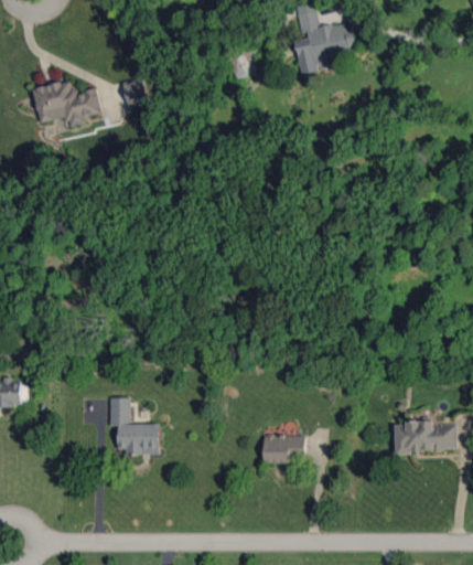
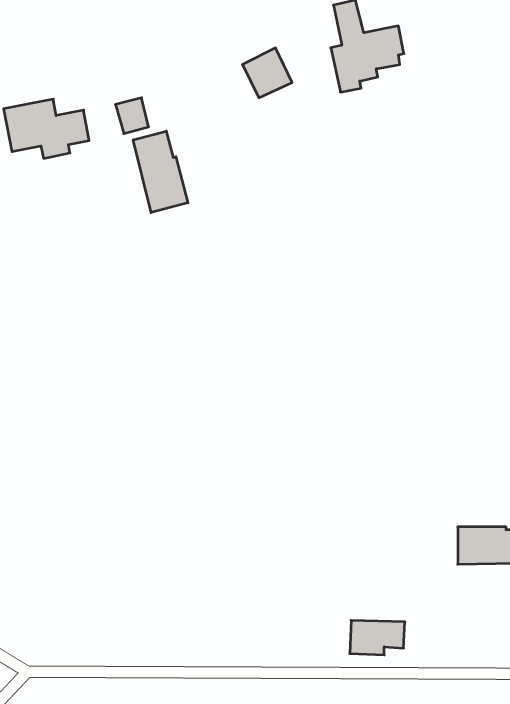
building: none -> [133,131,188,213]
building: [109,397,159,452] -> none
building: [262,435,307,462] -> [350,620,405,655]

